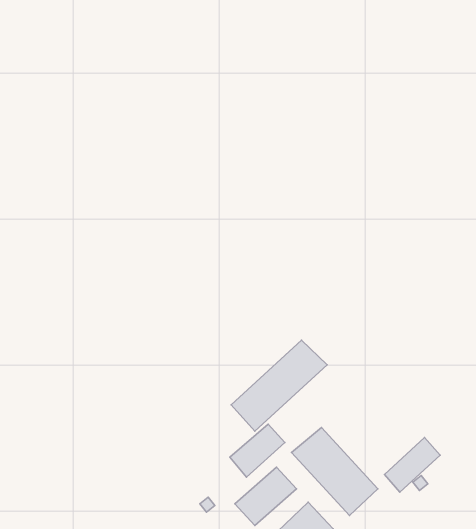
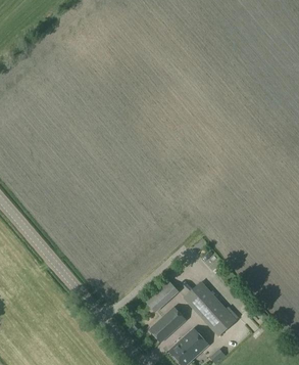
building: [231,340,327,431] -> none
building: [384,438,440,492] -> none

